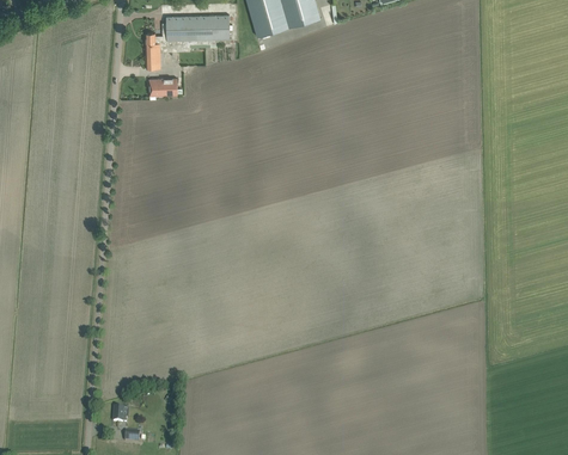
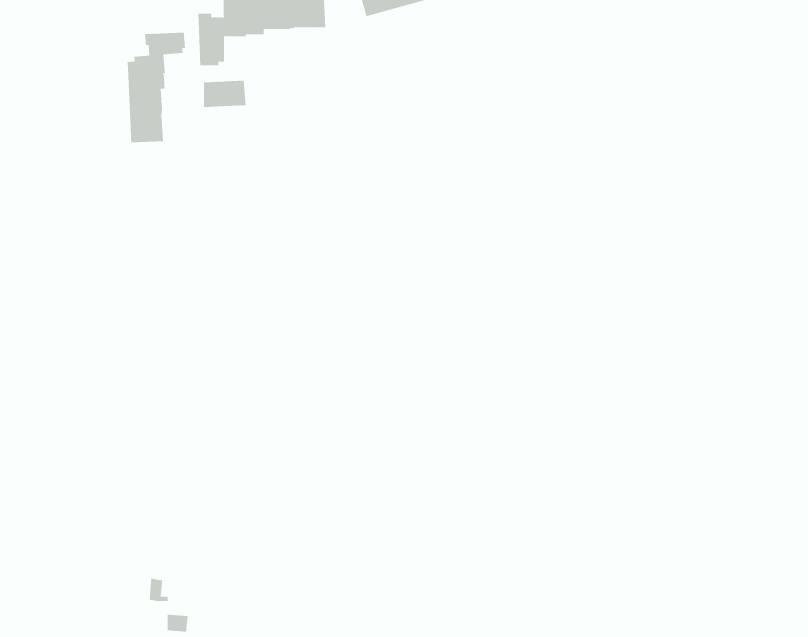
building: none -> [127,32,186,143]

